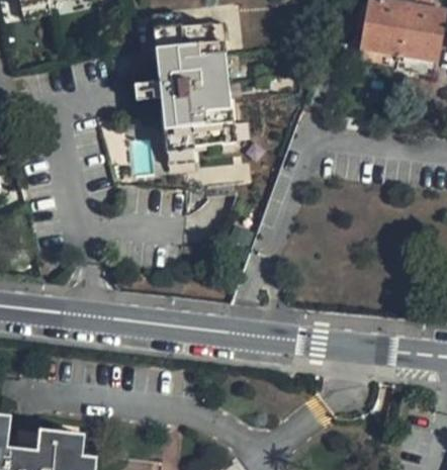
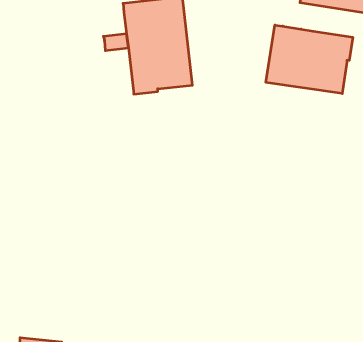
building: none -> [266,25,353,94]

